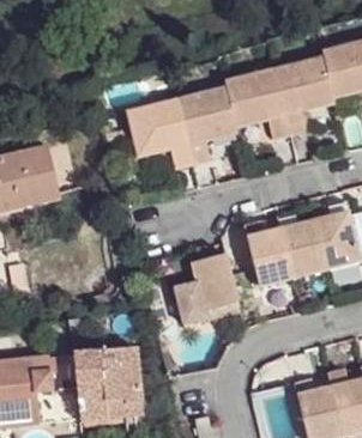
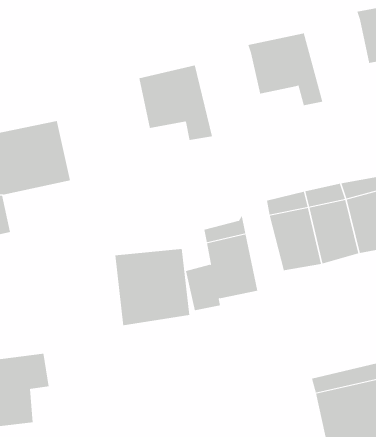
building: [280,57,339,132] -> none
building: [182,87,242,163] -> none
building: [73,352,141,421] -> [115,249,190,326]

